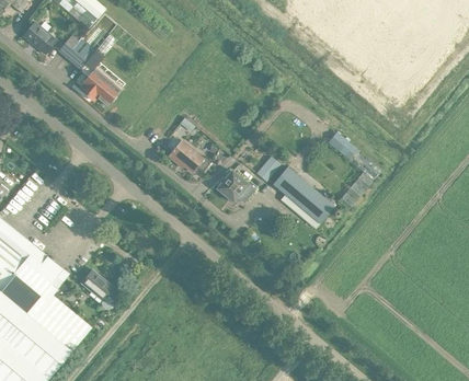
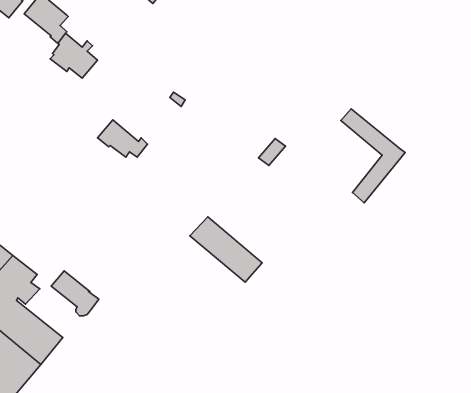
building: [167,140,209,172] -> [97,120,148,157]
building: [271,166,332,222] -> [190,217,262,282]
building: [215,170,252,197] -> none

